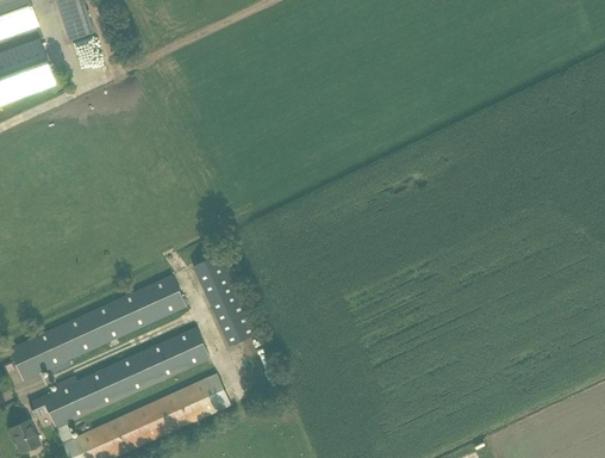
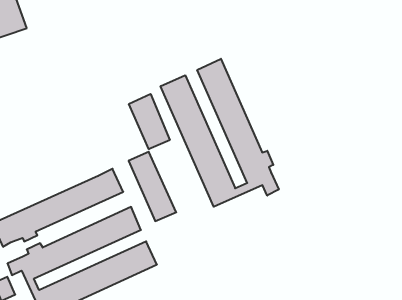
building: none -> [161,59,279,207]
building: none -> [129,94,170,149]

